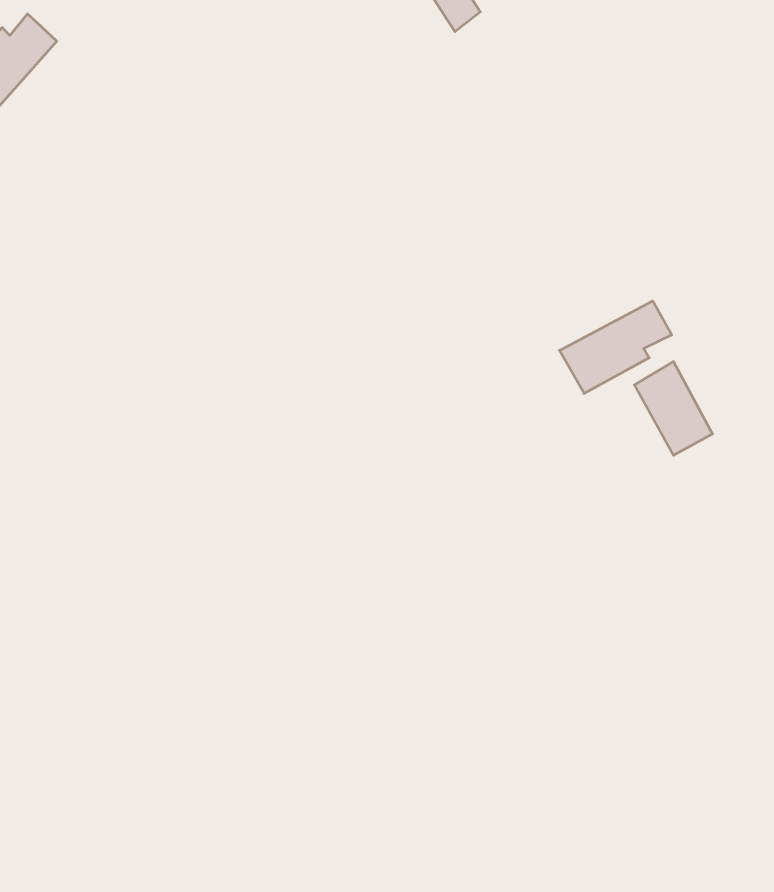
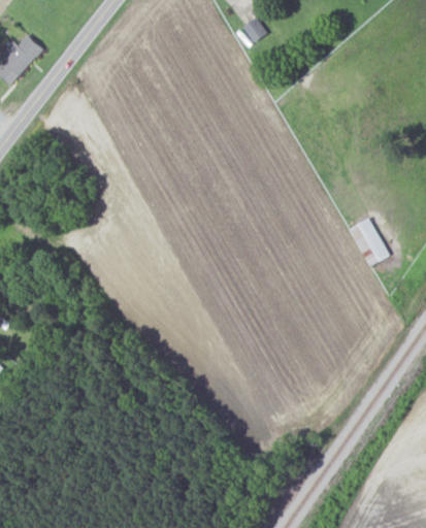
building: [559,301,672,394] -> none

